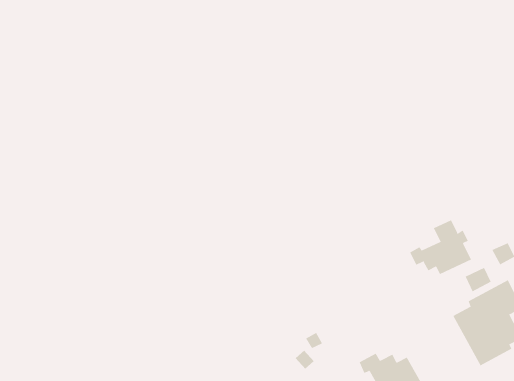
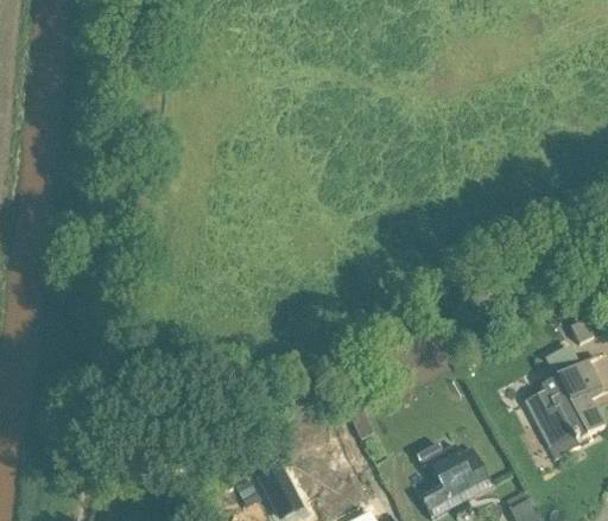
building: [409,220,472,275] -> none

